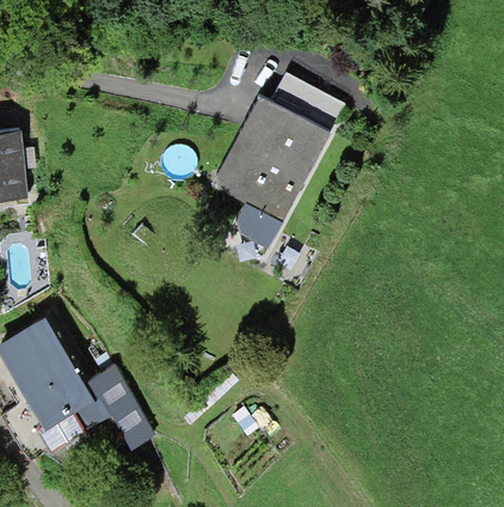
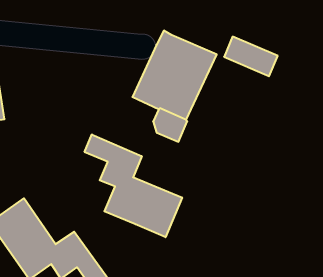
building: [271,74,346,134] -> [224,37,278,76]
building: none -> [85,134,182,237]

